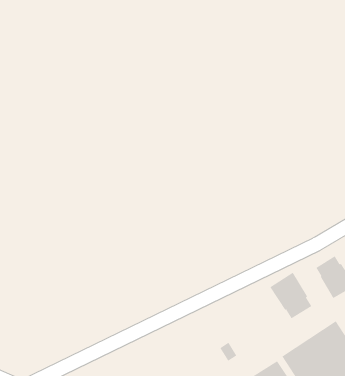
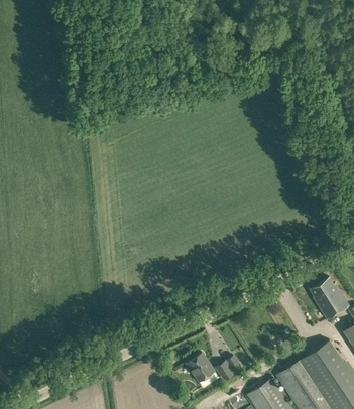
building: [270,272,312,319] -> none
building: none -> [187,353,214,382]

